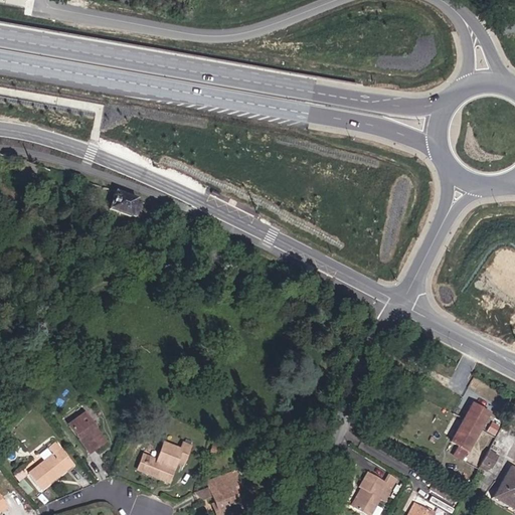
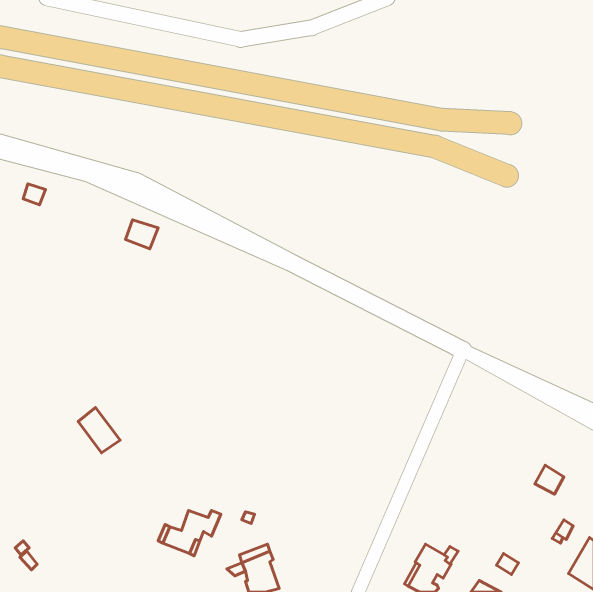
building: [69,411,106,451] -> [78,408,120,453]
building: [452,418,481,459] -> none
building: [29,442,73,488] -> none

